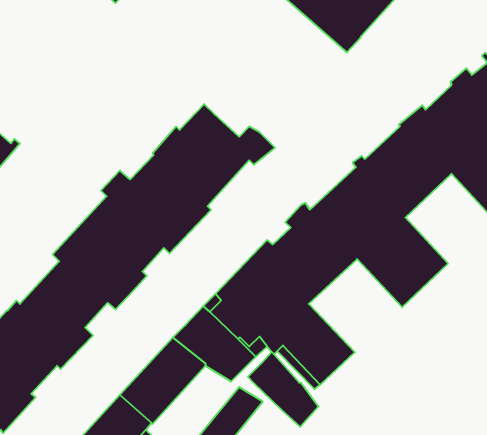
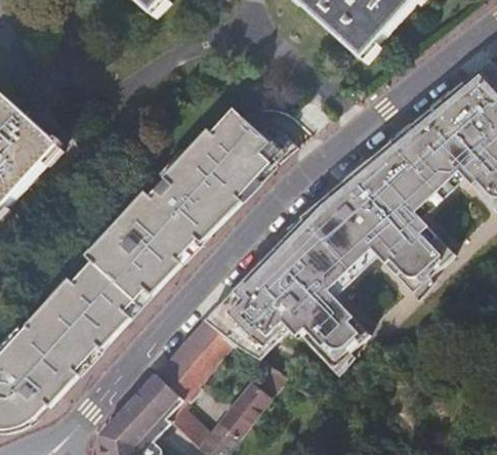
building: [248,352,319,427] -> none

